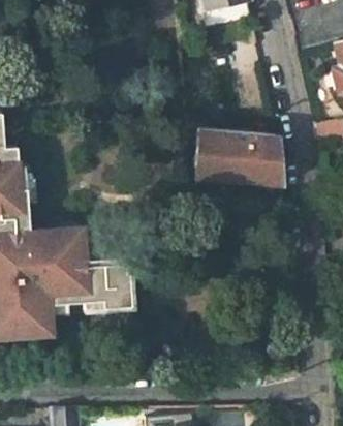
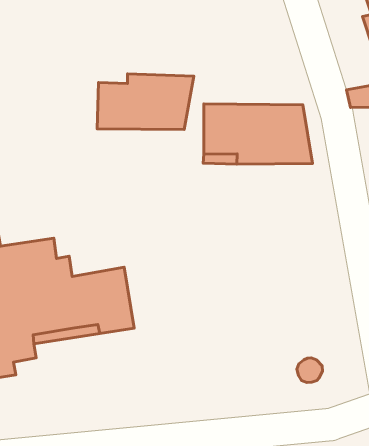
building: none -> [97,74,194,130]

